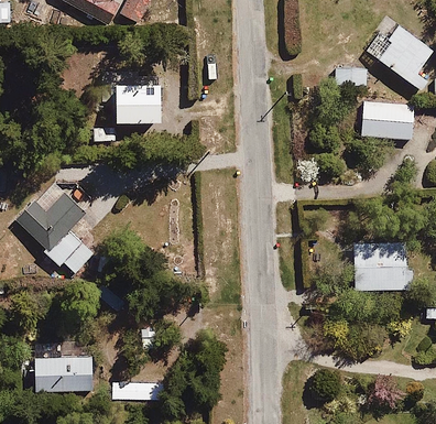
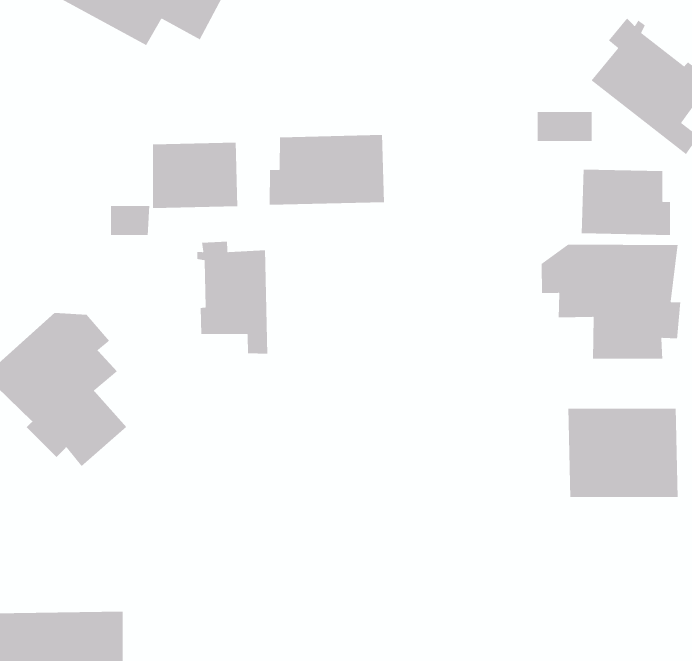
building: none -> [269,134,385,205]
building: none -> [196,241,268,354]
building: none -> [541,244,681,359]

